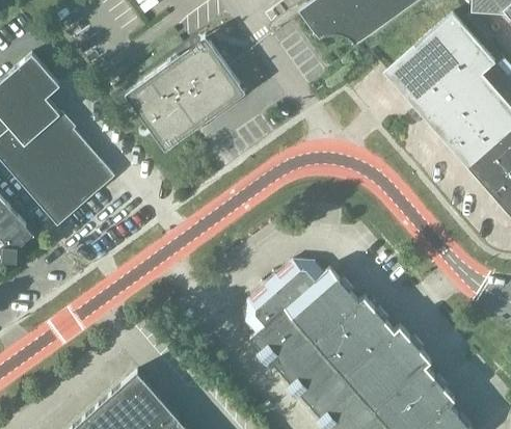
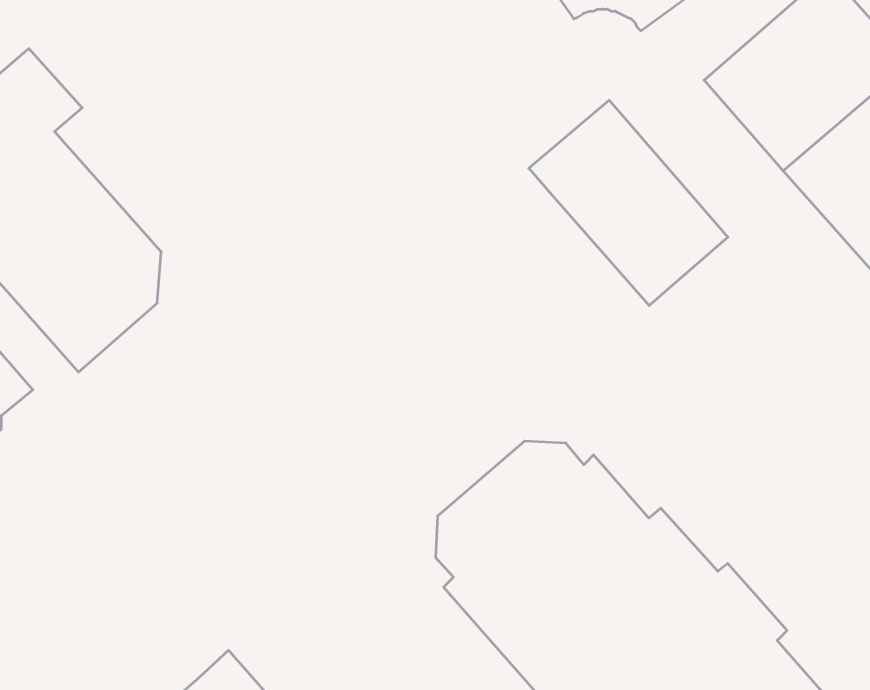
building: [125,37,245,151] -> none
building: none -> [529,100,728,306]

